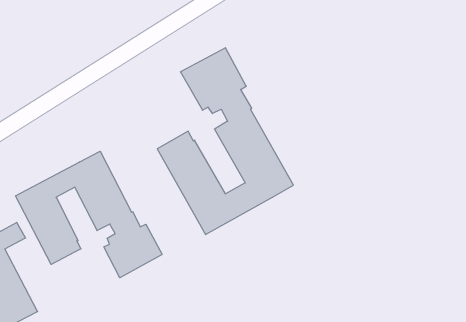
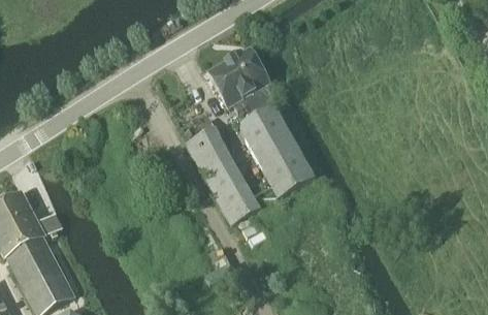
building: [16,151,162,278] -> none

